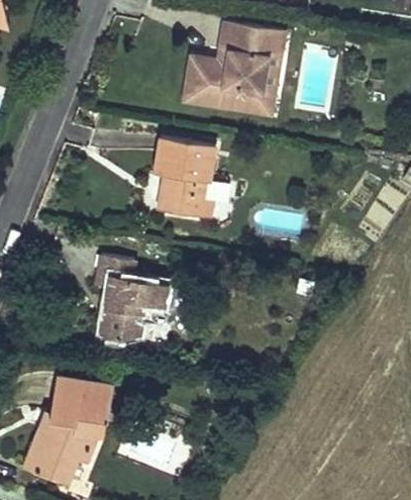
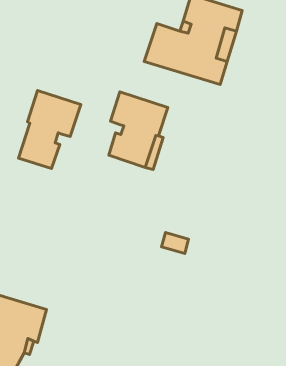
building: none -> [18,91,81,169]
building: [90,256,170,354] -> none

